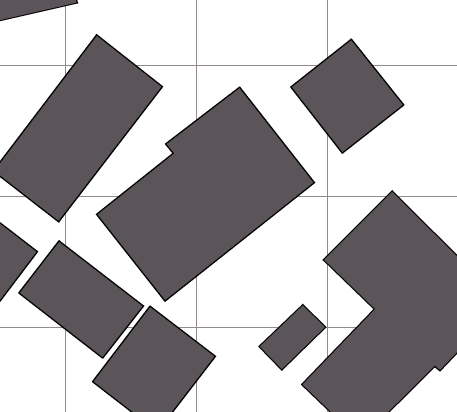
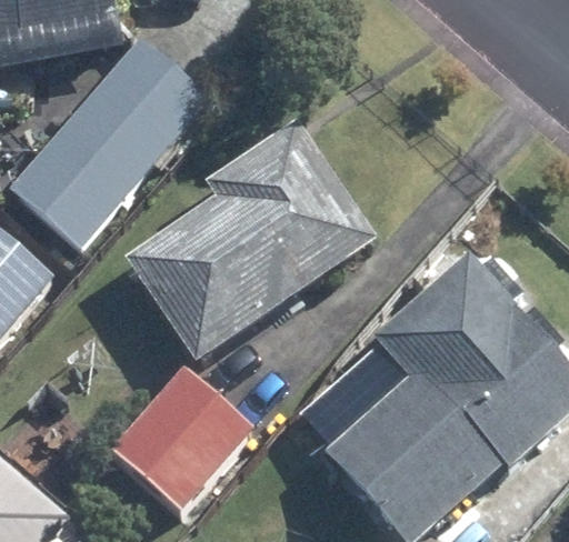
building: [291,39,404,153] -> none
building: [19,241,144,358] -> none

